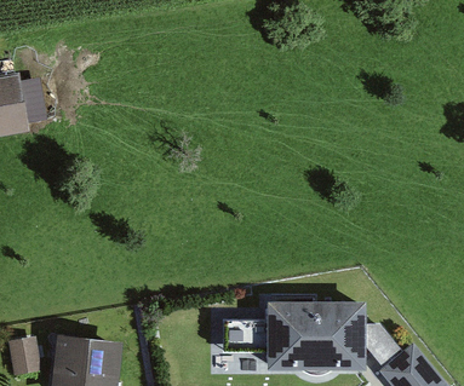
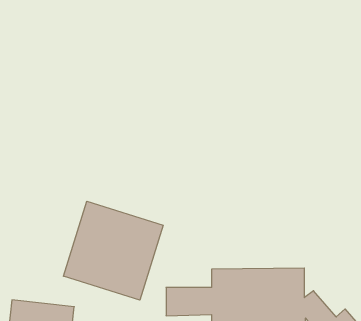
building: none -> [63,201,163,300]

